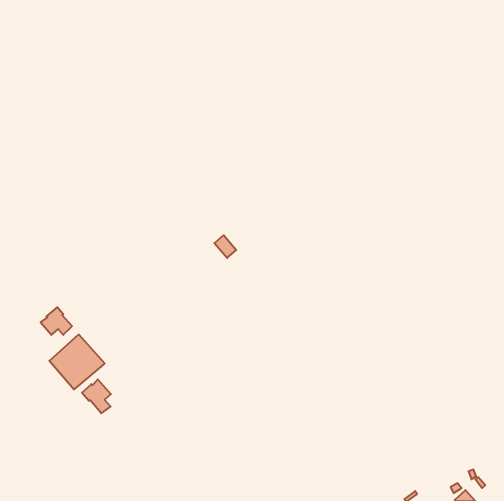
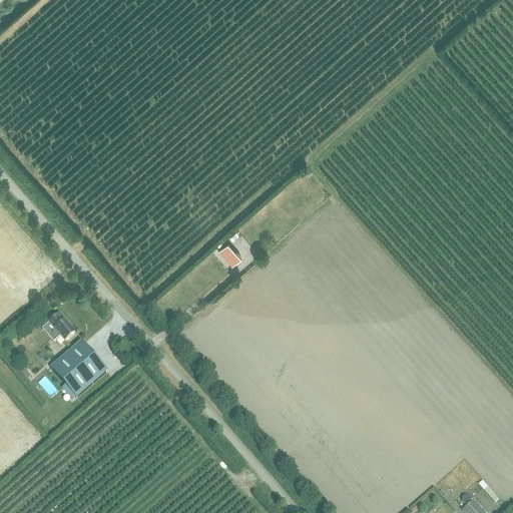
building: [82,379,111,413] -> none

